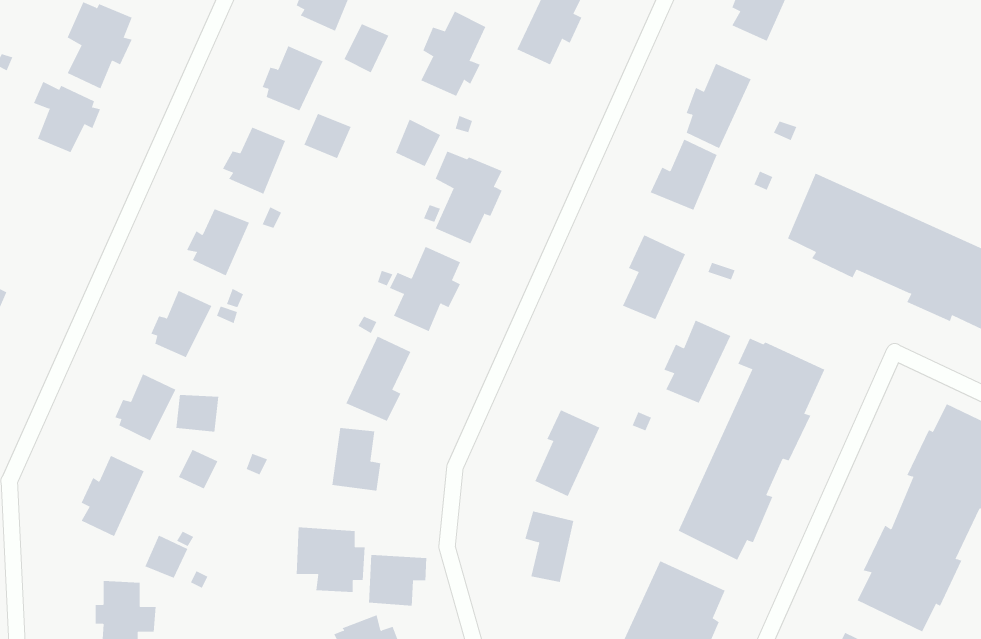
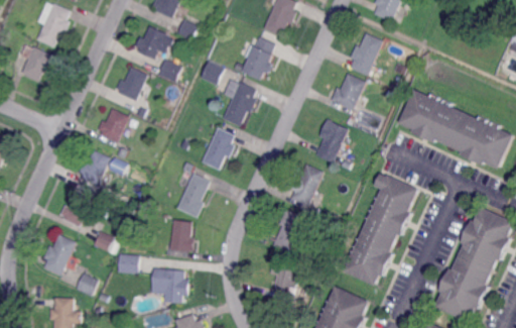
building: [421,11,486,96] -> [242,35,275,79]
building: [663,320,731,404] -> [291,166,326,208]
building: [175,394,219,432] -> [117,253,139,272]
building: [369,554,427,606] -> none

